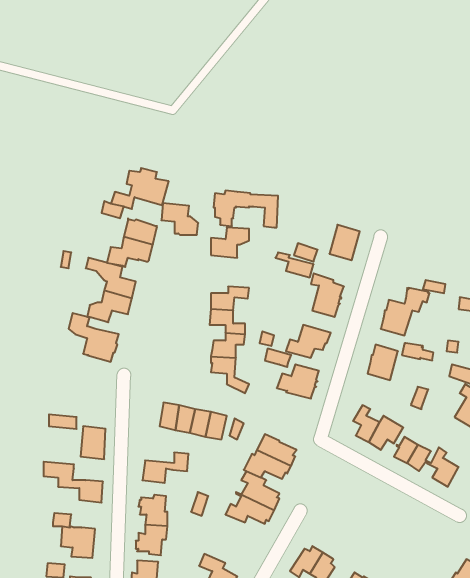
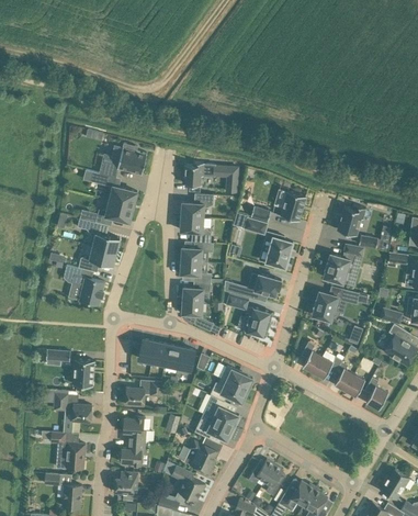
building: [161,203,198,235] -> [181,216,212,243]
building: none -> [338,205,365,236]
building: none -> [184,440,217,473]

